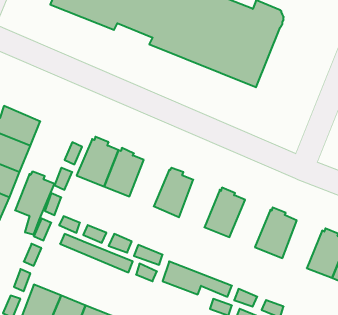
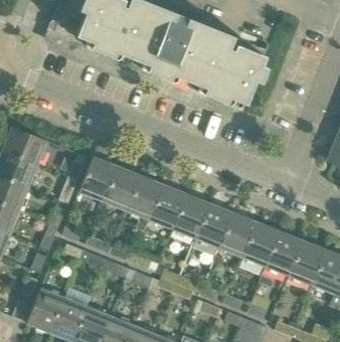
building: [15,172,55,234] -> [126,174,162,231]
building: none -> [171,192,208,237]
building: none -> [217,210,254,255]
building: none -> [266,229,302,275]

